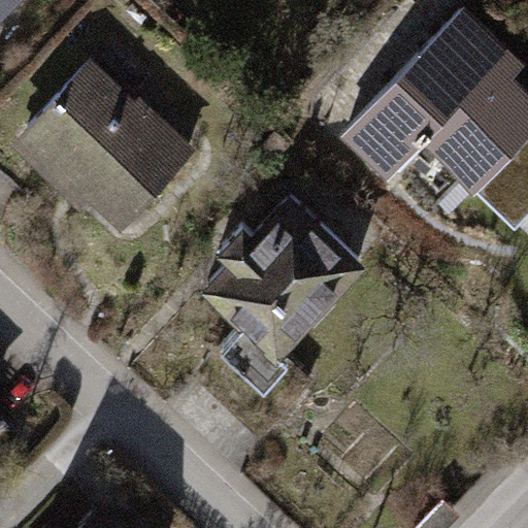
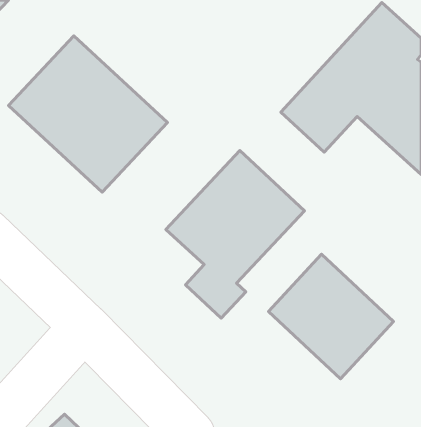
building: none -> [268,254,394,379]

